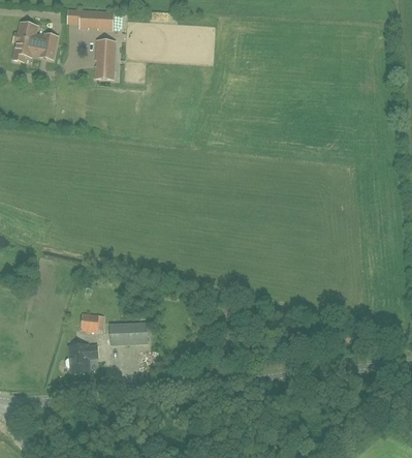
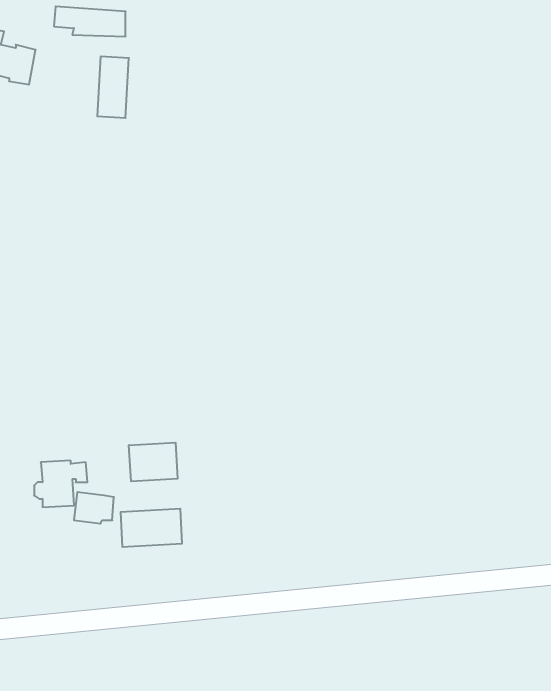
building: none -> [129,443,178,481]
building: [65,343,98,372] -> [34,461,87,507]

